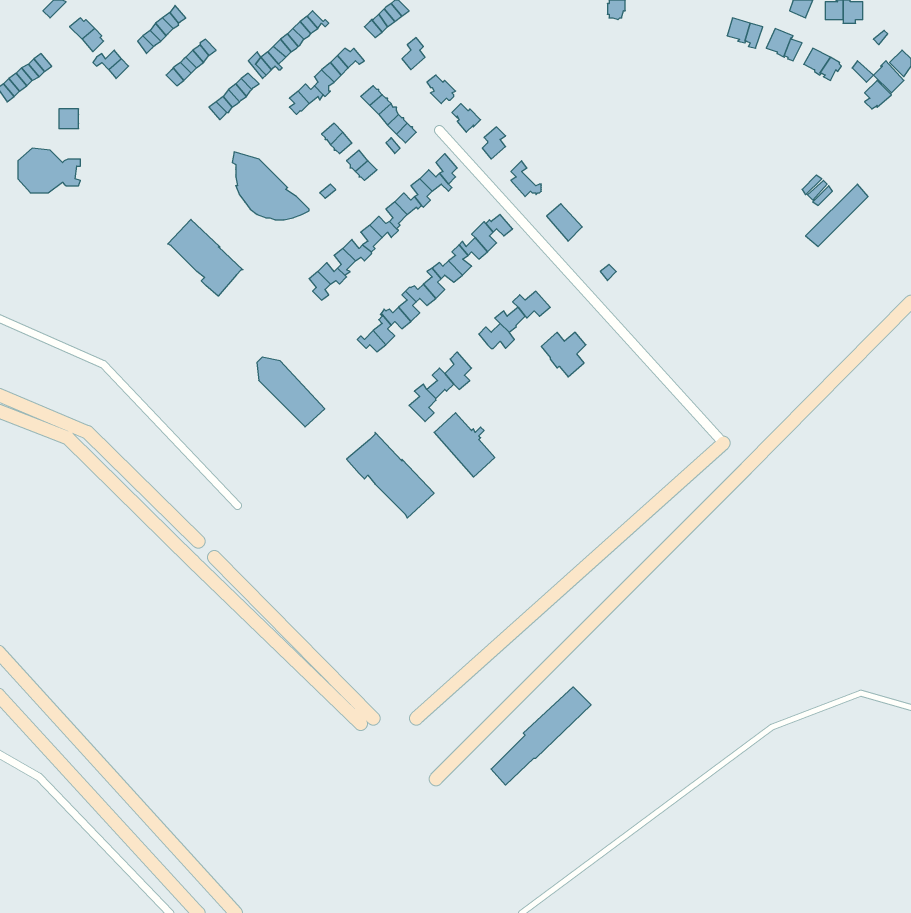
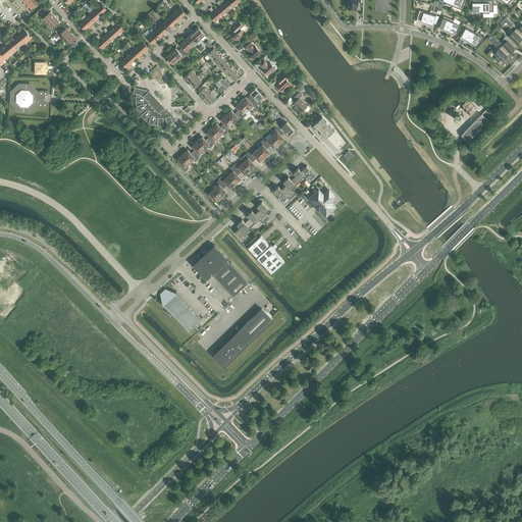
building: [168,219,243,296] -> none
building: [257,357,325,427] -> [161,291,200,330]
building: [491,687,591,785] -> [214,309,271,365]

